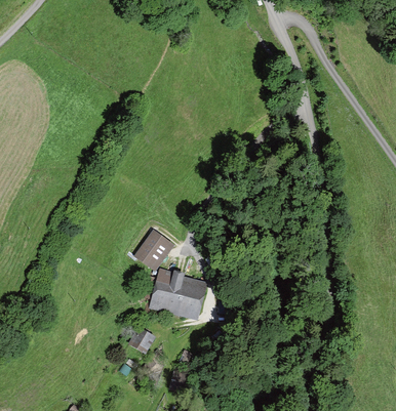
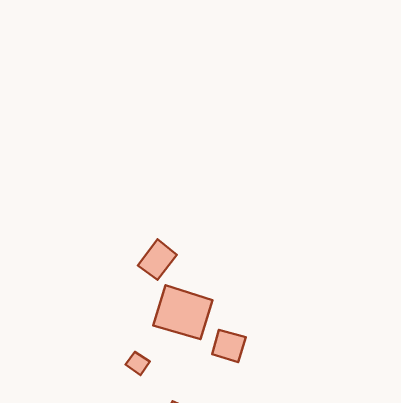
building: none -> [212,330,246,362]

